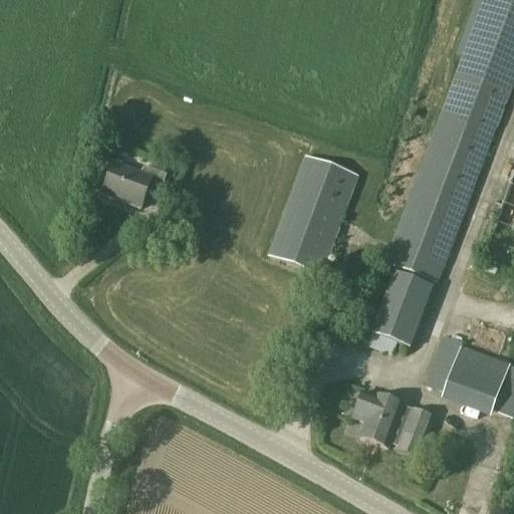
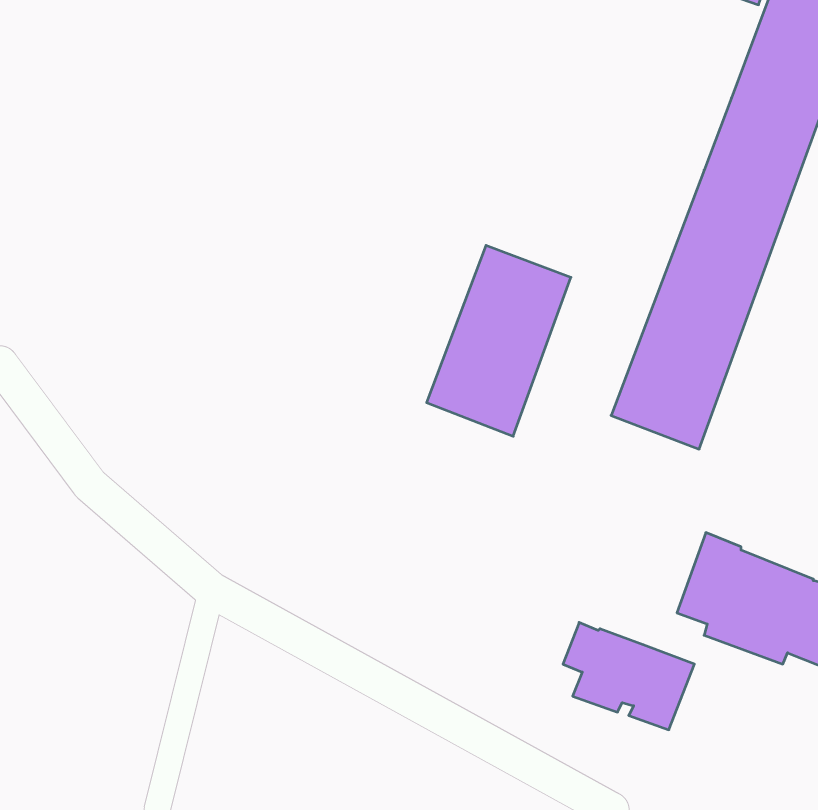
building: [103,162,168,206] -> none
building: [370,269,434,345] -> none

